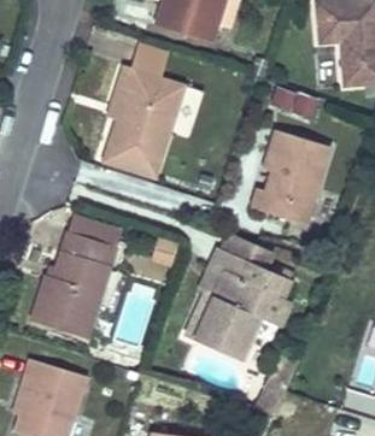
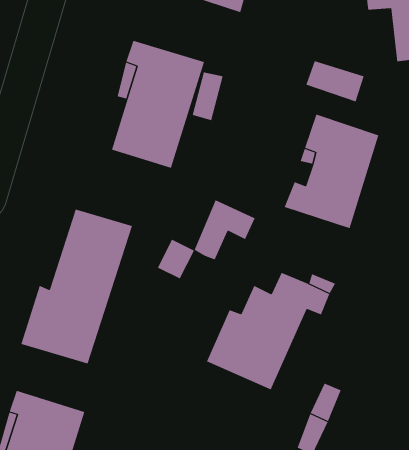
building: [197,246,248,296] -> [194,200,256,260]

